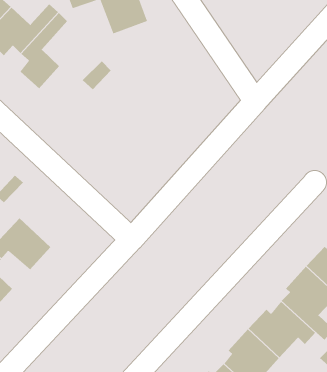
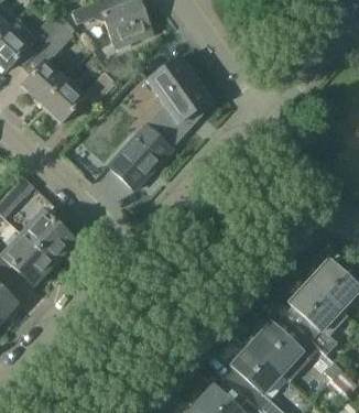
building: none -> [108,57,209,191]
building: none -> [42,79,84,121]
building: none -> [22,211,74,261]

